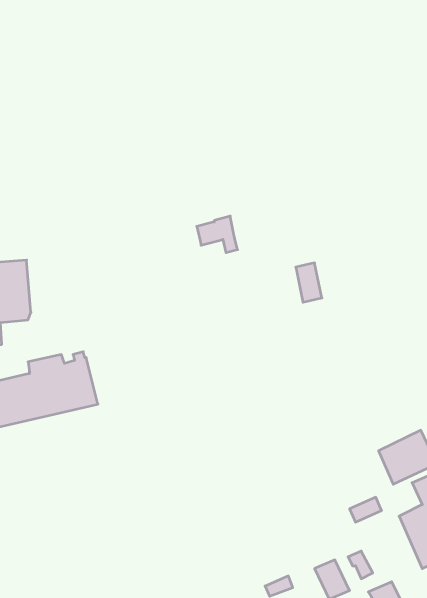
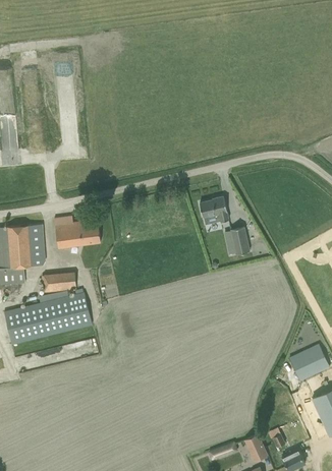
building: [197,216,238,253] -> [200,196,228,222]
building: none -> [54,217,100,248]
building: none -> [44,273,75,291]

